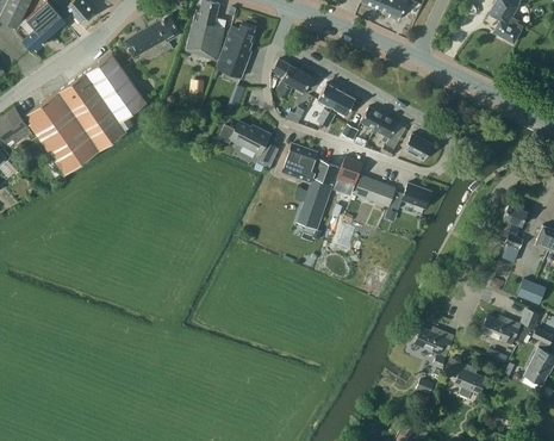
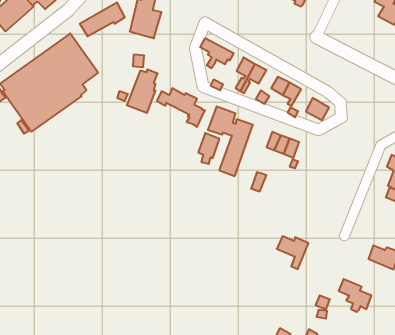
building: [216,24,254,77] -> [127,70,158,113]
building: [337,155,363,193] -> [198,133,219,164]
building: [390,182,431,209] -> none
building: [415,327,454,367] -> [277,236,308,269]

